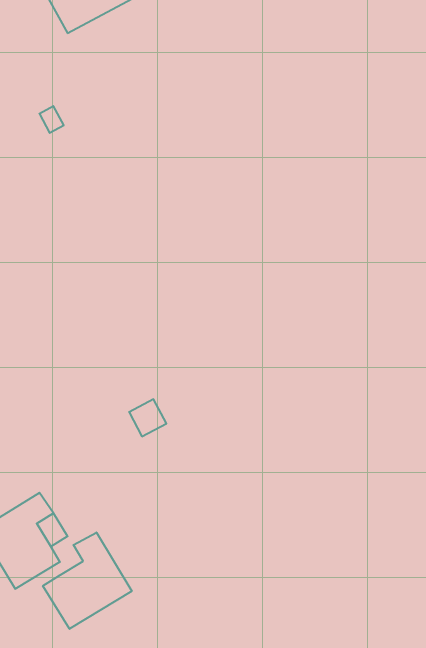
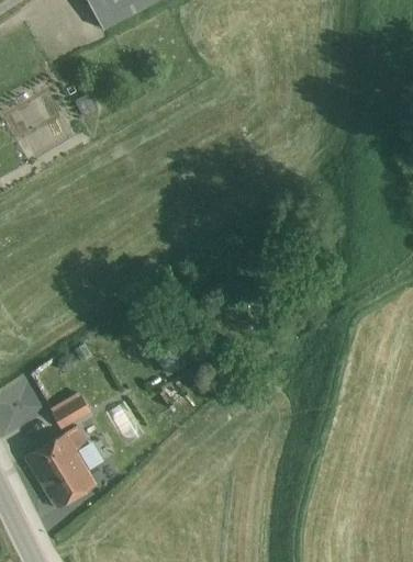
building: none -> [52,395,90,427]
building: [43,532,132,629] -> none

